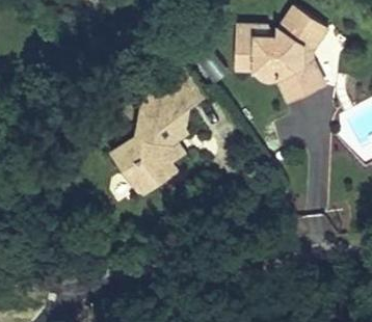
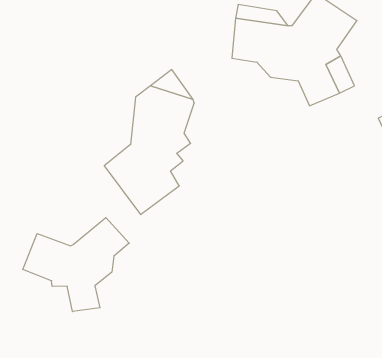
building: none -> [23,218,129,312]

